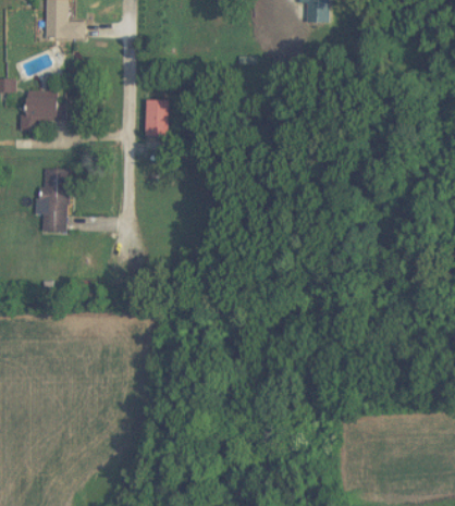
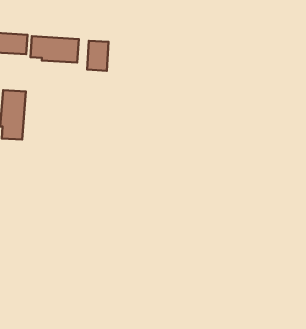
building: none -> [30,36,79,62]

